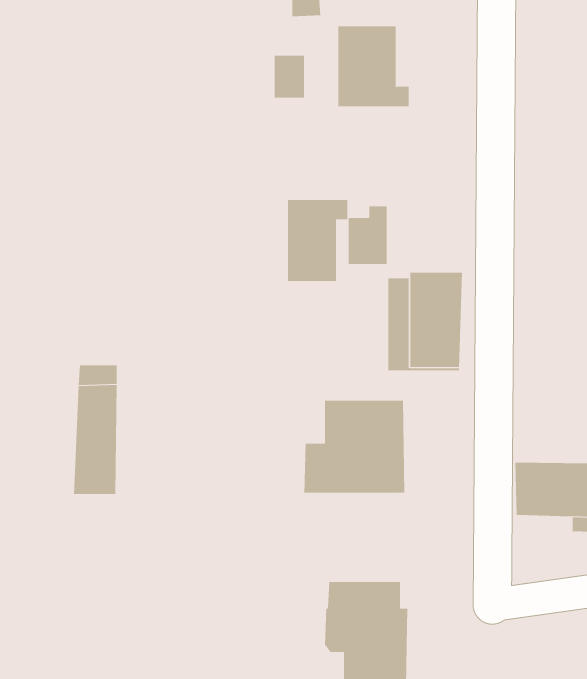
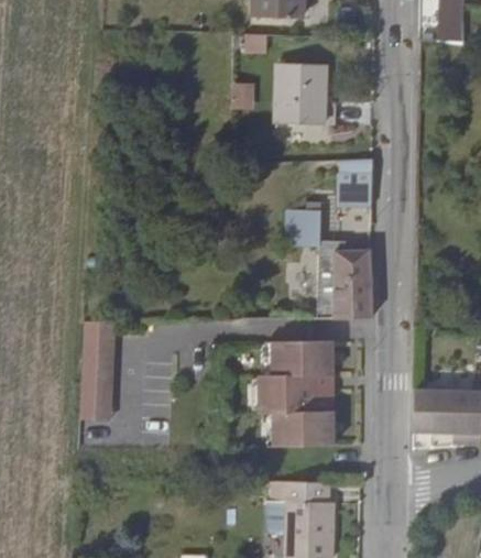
building: none -> [343,173,374,208]
building: [287,199,348,282] -> none
building: none -> [262,413,323,447]

